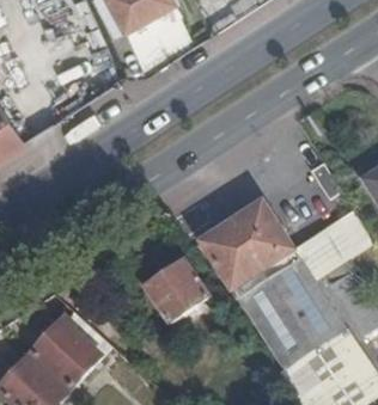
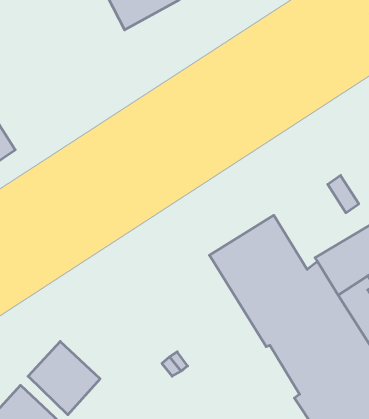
building: [146,262,209,323] -> none

